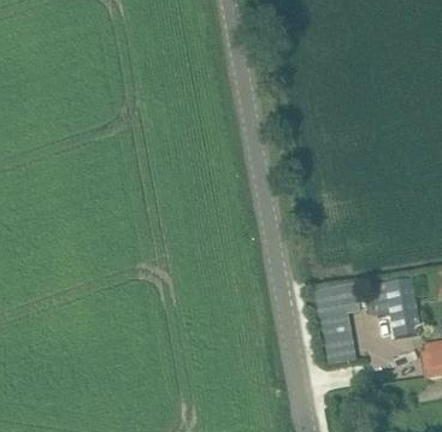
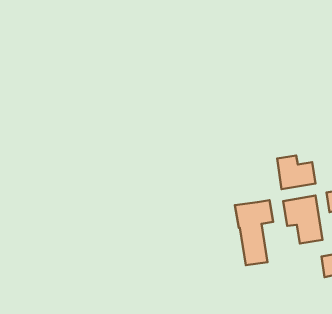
building: none -> [277,155,315,189]

